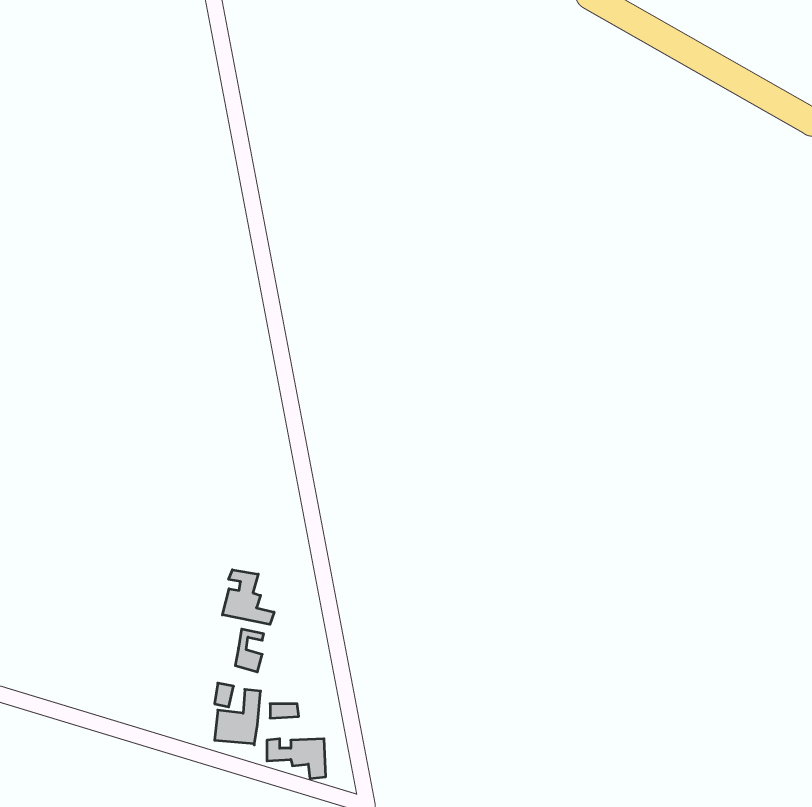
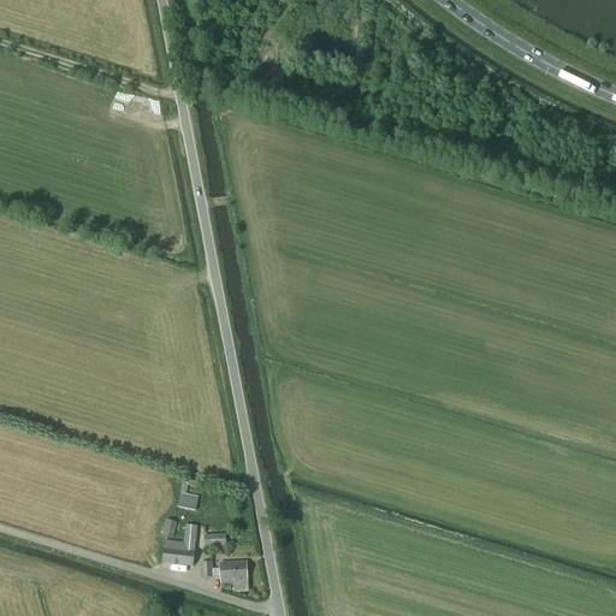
building: [222,570,274,624] -> none

